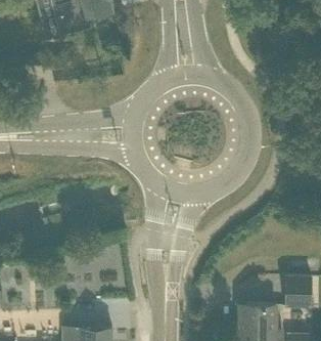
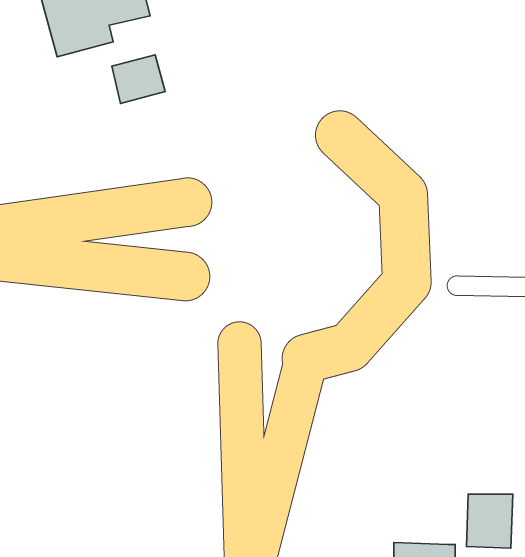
building: none -> [112,55,165,103]

